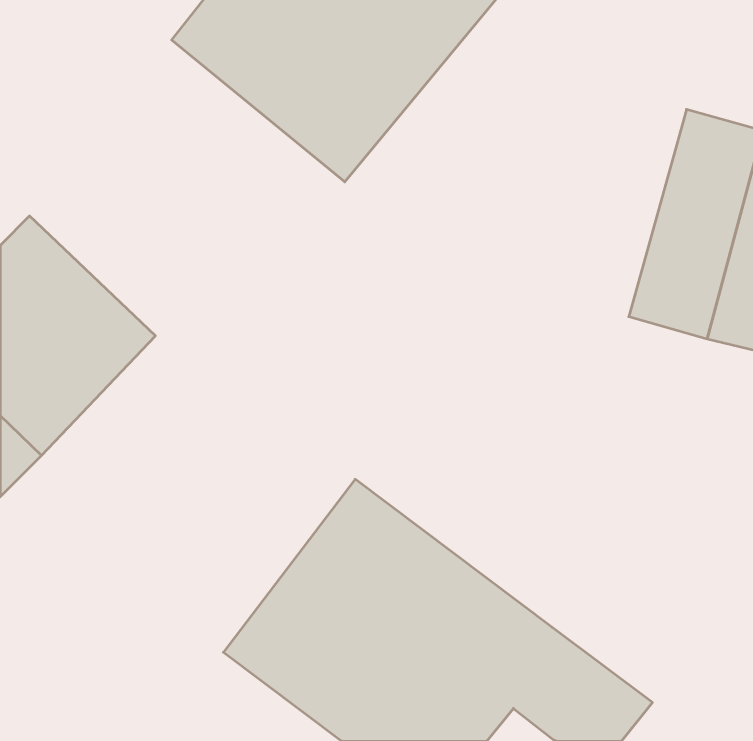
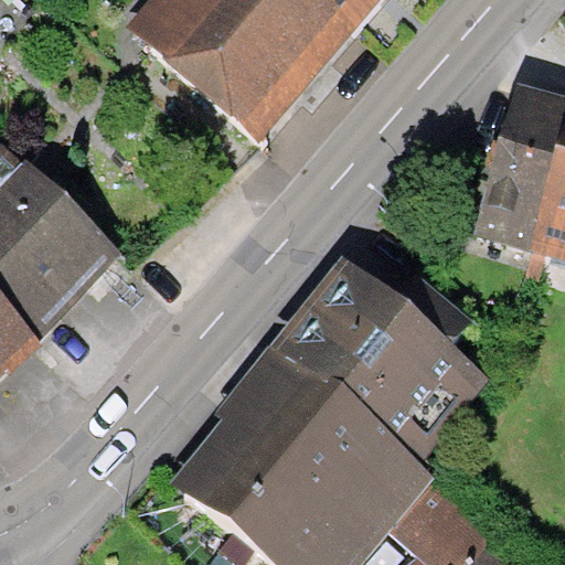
building: none -> [267,263,486,468]

